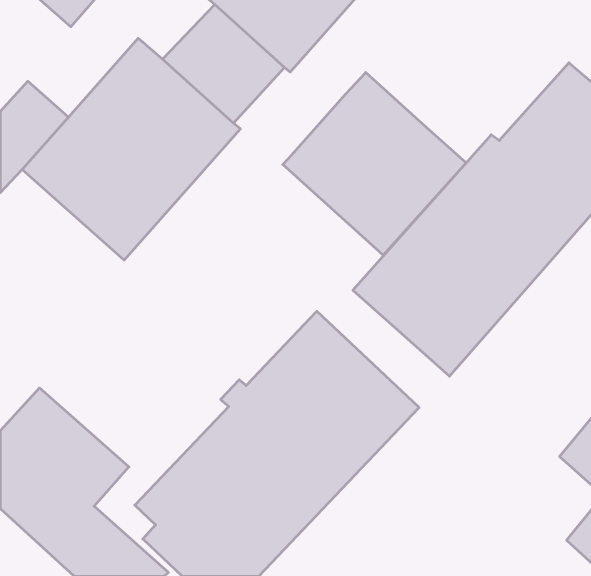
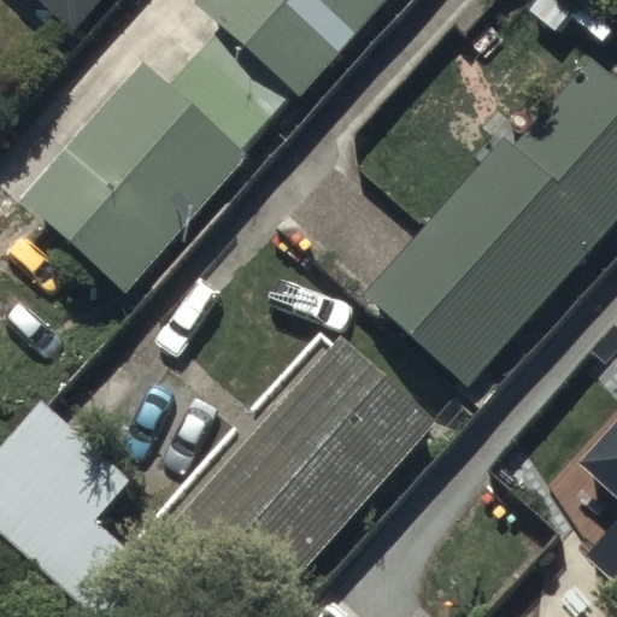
building: [283,72,466,255] -> none

